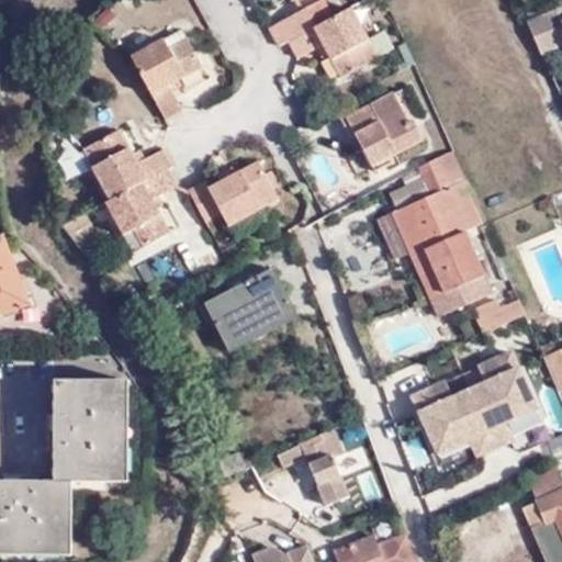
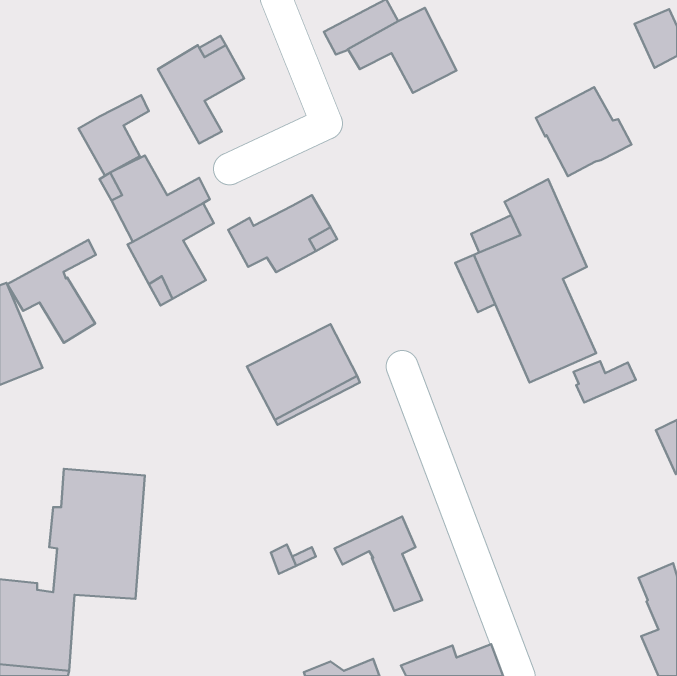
building: none -> [79,95,149,176]
building: [345,92,424,166] -> [536,87,631,176]
building: none -> [7,240,96,343]
building: [411,351,537,458] -> none

